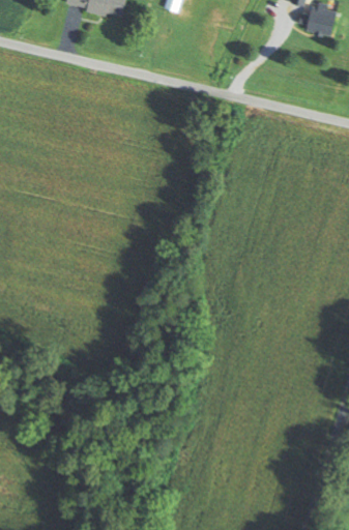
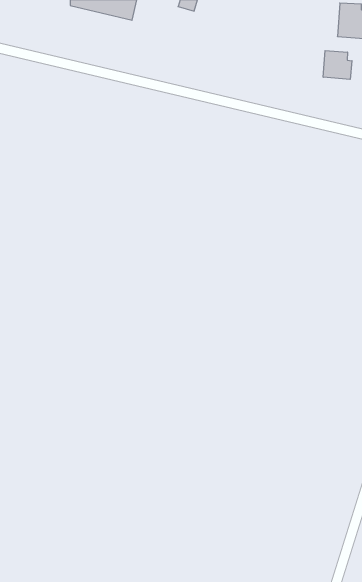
building: none -> [323,51,352,79]

